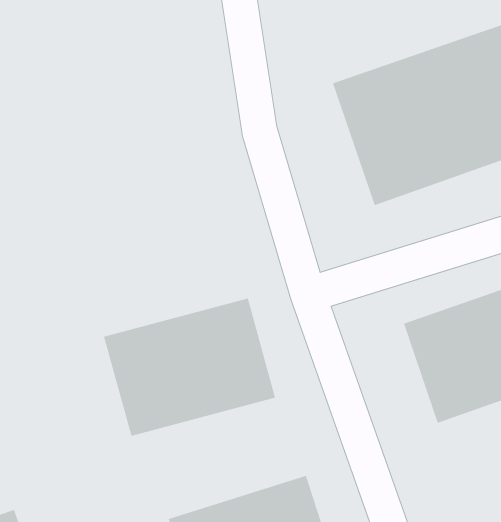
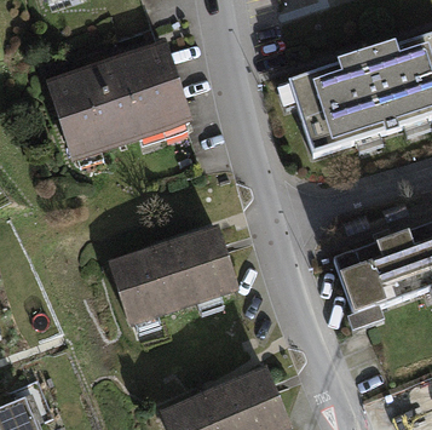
building: none -> [53,50,182,155]

